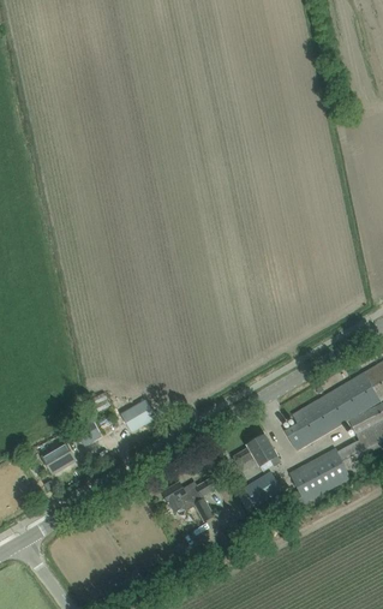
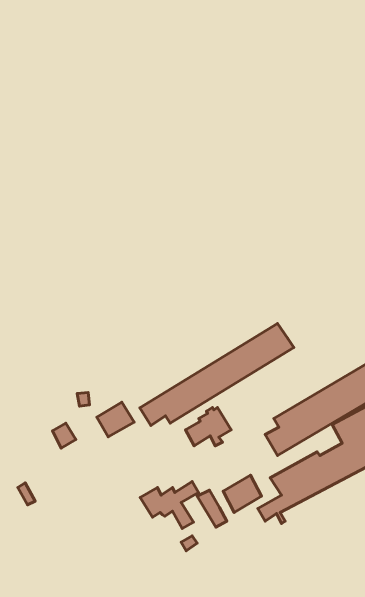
building: none -> [140,324,294,426]
building: [233,434,277,471] -> [185,407,231,446]
building: [41,442,76,473] -> none

